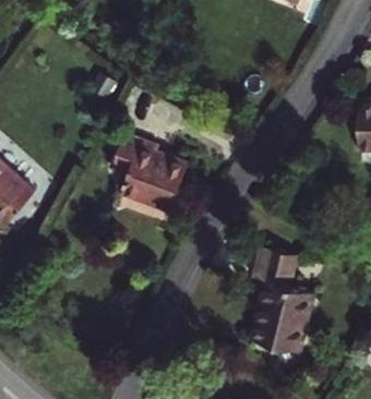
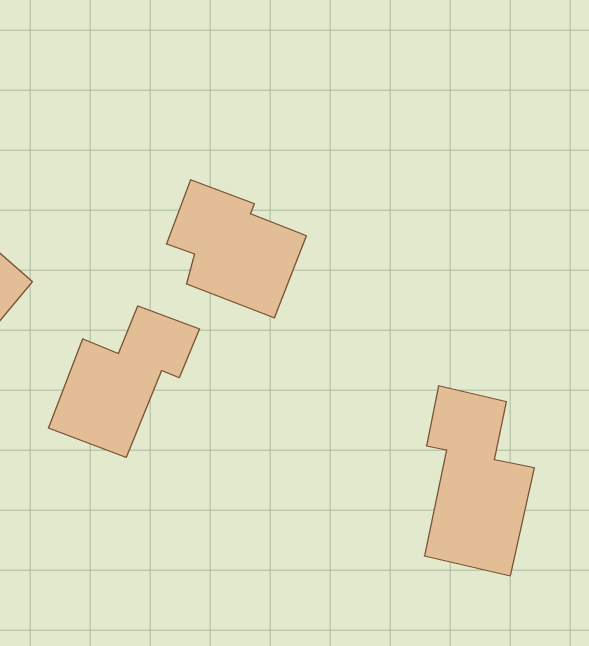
building: none -> [48,306,199,457]

